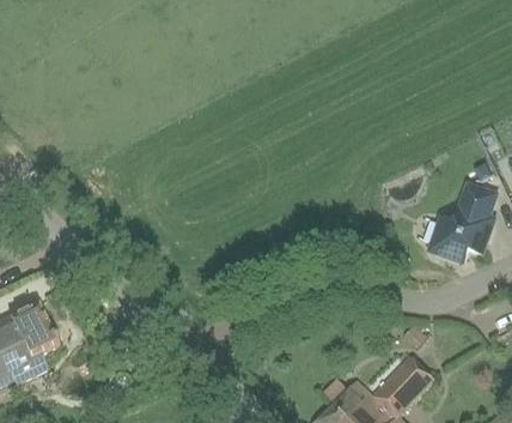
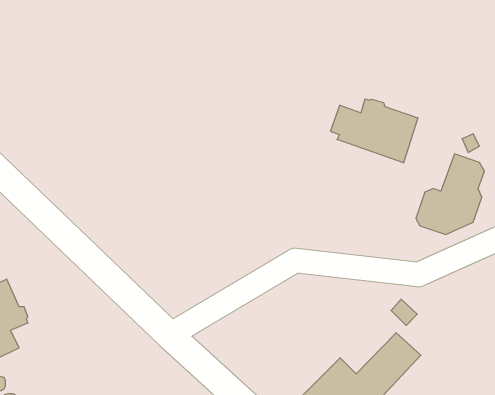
building: none -> [331,99,418,163]

